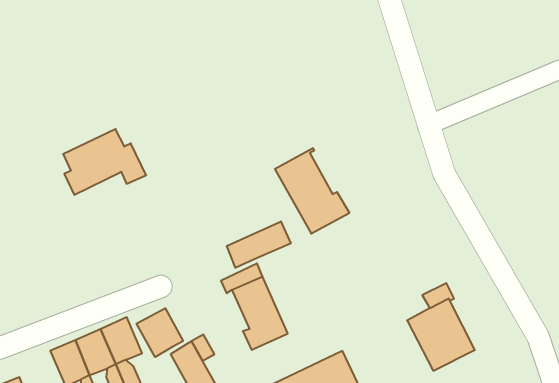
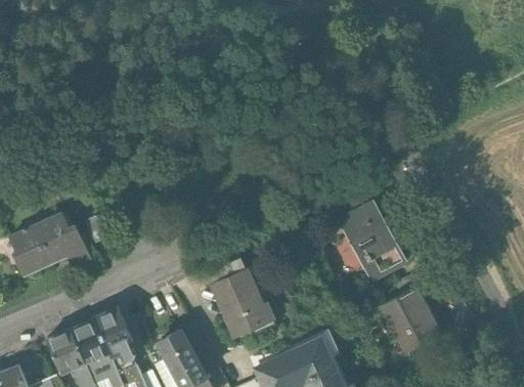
building: [63,129,146,195] -> [13,213,91,274]
building: [275,148,349,234] -> [338,205,407,285]
building: [227,221,291,268] -> none
building: [136,308,183,357] -> none

